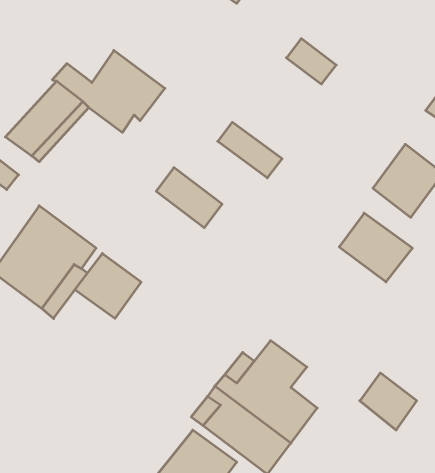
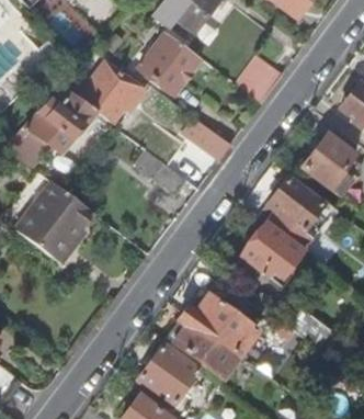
building: none -> [138,32,200,93]
building: [75,253,141,318] -> none
building: none -> [240,227,297,278]

